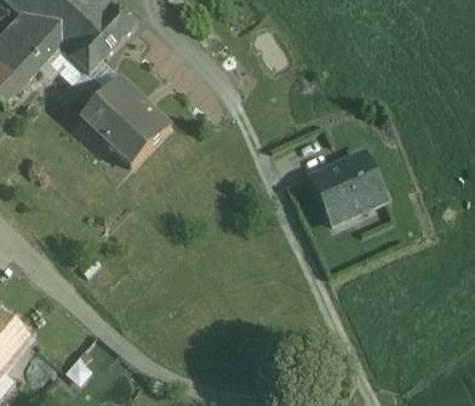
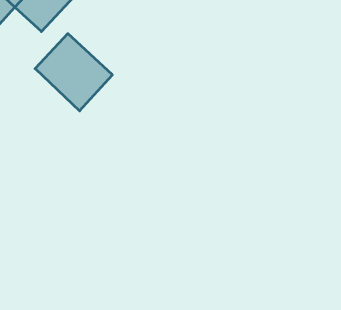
building: [310,153,383,222] -> none

